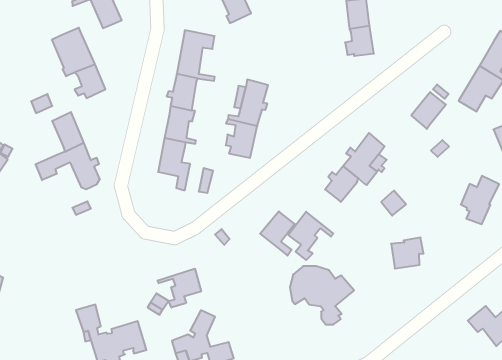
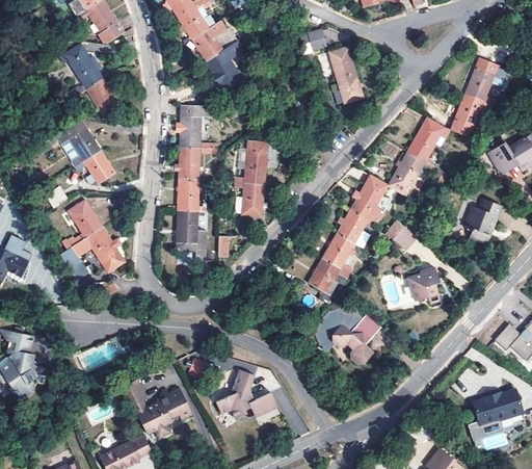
building: none -> [388,152,424,197]
building: [260,211,295,256] -> [322,235,354,276]
building: [158,269,201,308] -> none

